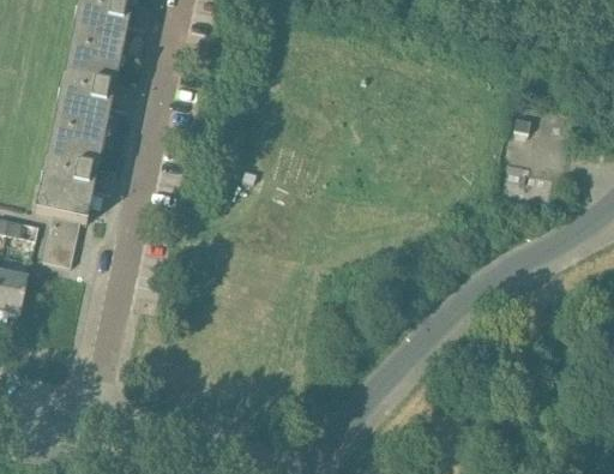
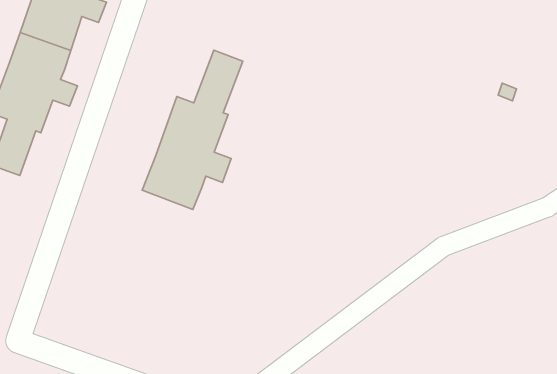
building: none -> [142,50,243,209]

